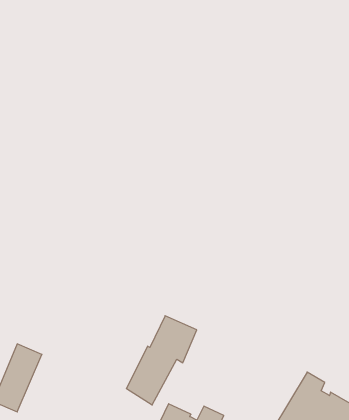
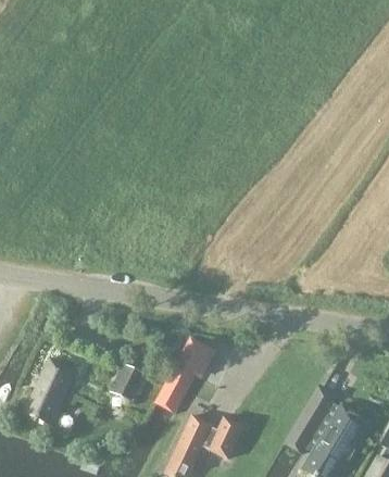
building: none -> [110,365,150,404]

